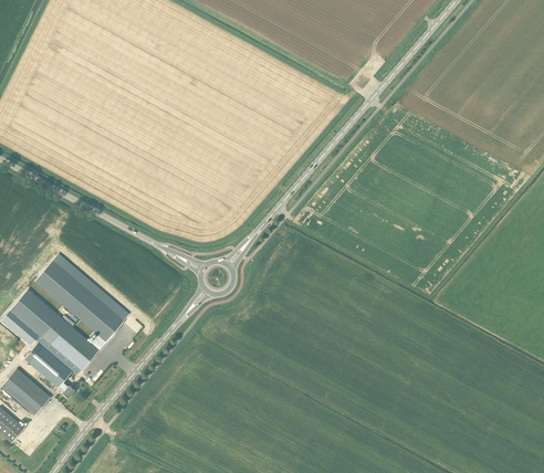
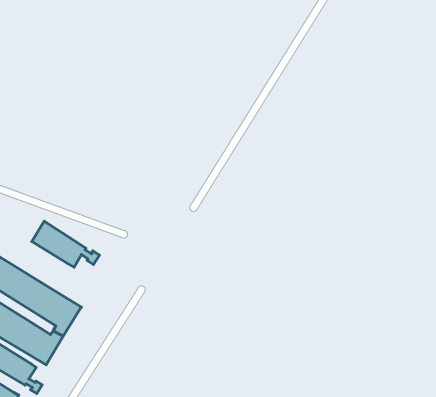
building: none -> [32,221,99,267]

